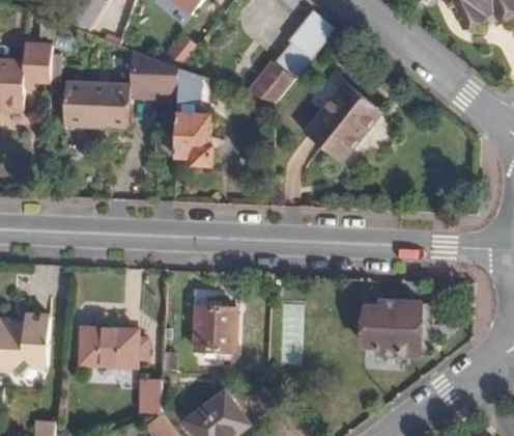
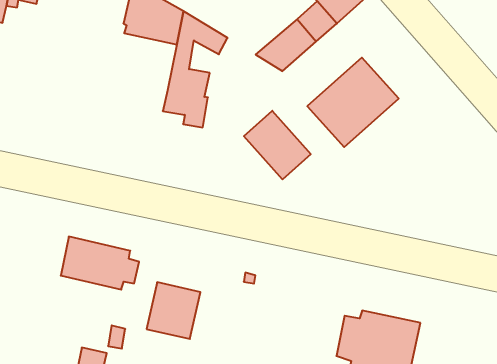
building: [63,82,131,127] -> none
building: none -> [244,111,311,179]
building: [80,327,146,365] -> [61,237,139,290]

